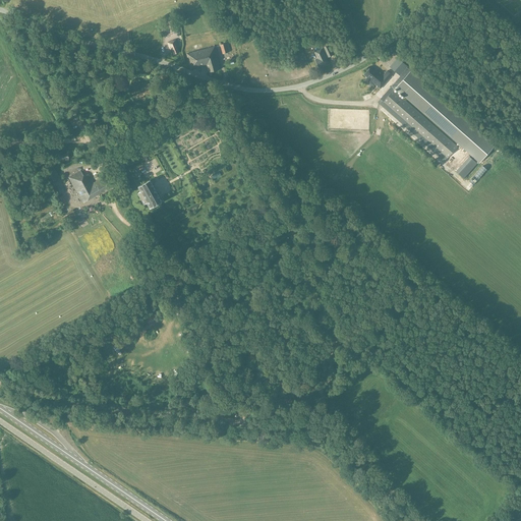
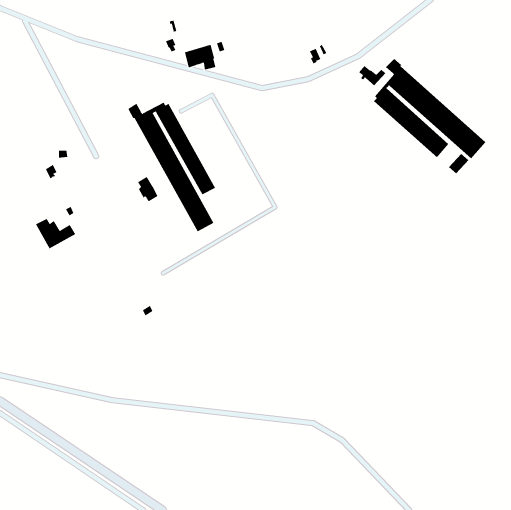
building: none -> [128,102,216,232]
building: [68,170,110,201] -> [35,218,76,249]

